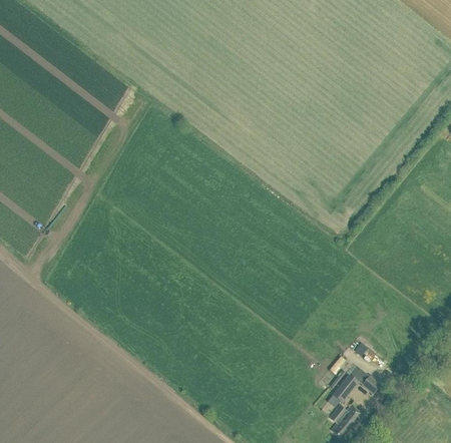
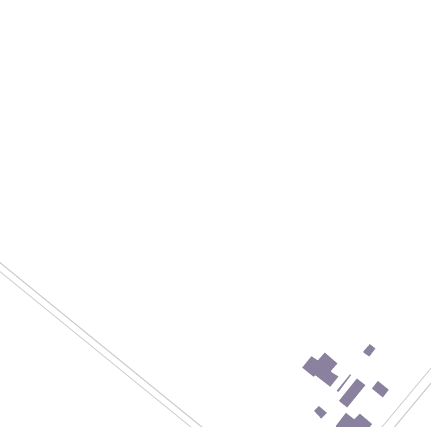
building: none -> [301,352,339,388]

